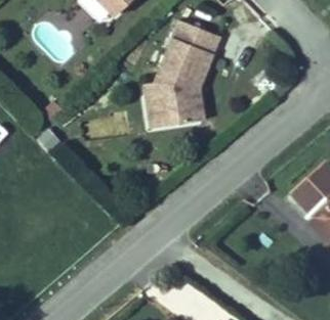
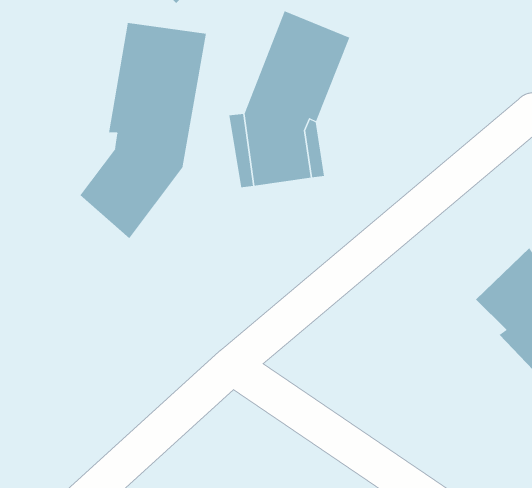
building: none -> [80,22,207,239]

